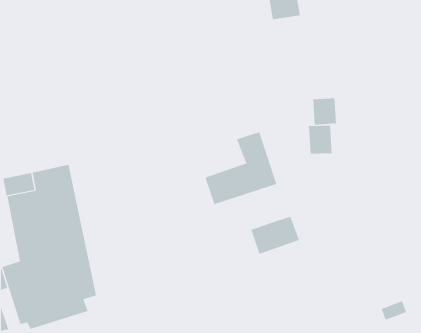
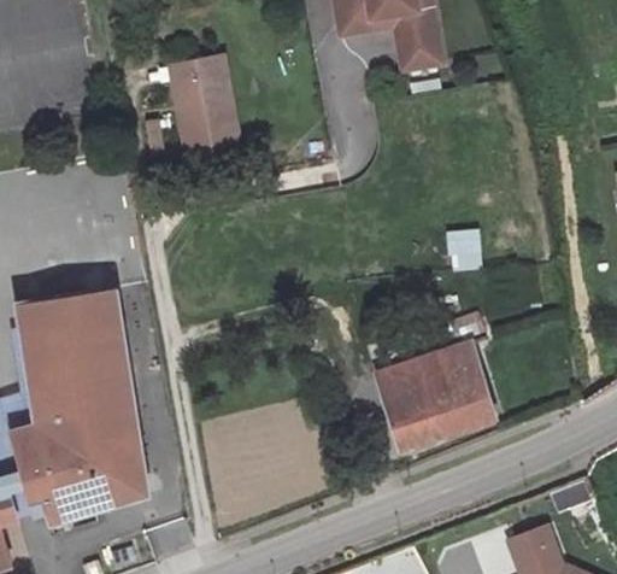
building: none -> [174,57,243,156]
building: [313,97,336,125] -> none
building: [205,132,277,205] -> [382,347,487,453]

